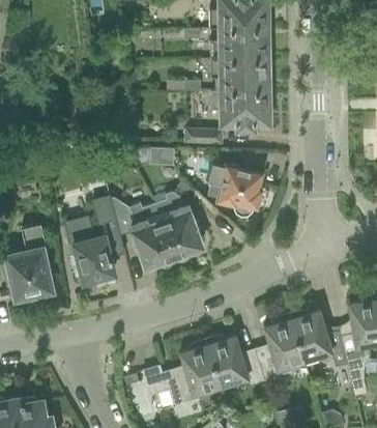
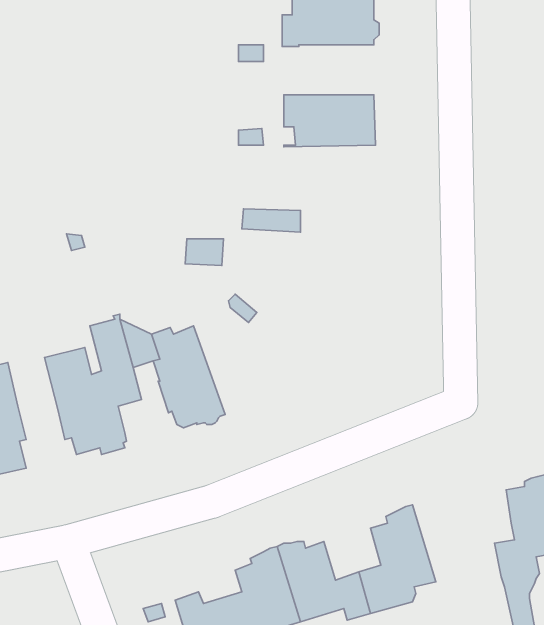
building: [212,29,268,60] -> none
building: [212,91,272,130] -> none
building: [209,163,263,219] -> none
building: [156,192,203,258] -> none
building: [292,312,349,368] -> none

